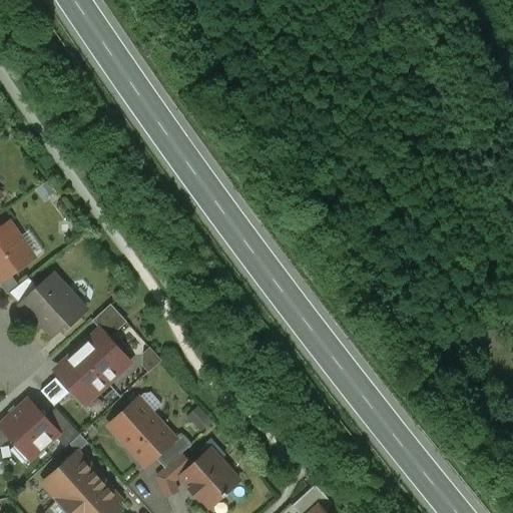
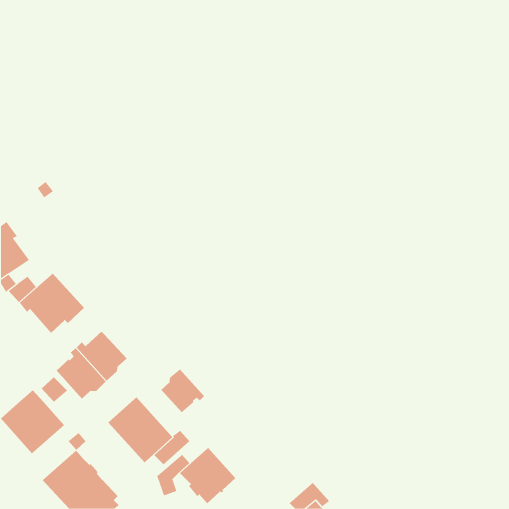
building: [92,305,124,336] -> none
building: none -> [161,369,205,413]

